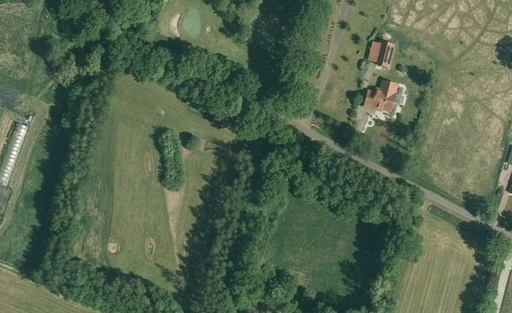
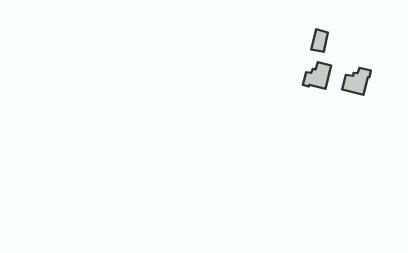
building: none -> [342,68,371,95]

